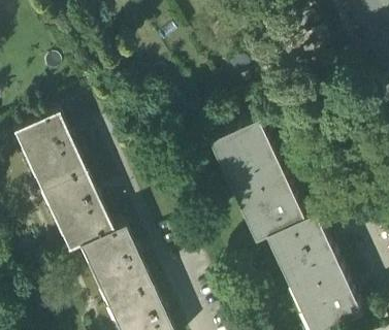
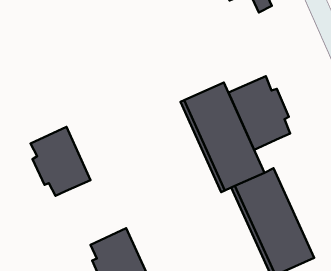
building: [15,103,83,182] -> none
building: none -> [228,76,290,150]
building: [82,217,150,295] -> none

